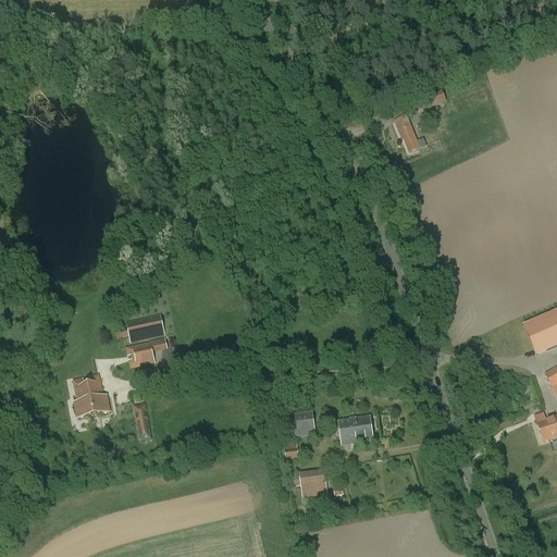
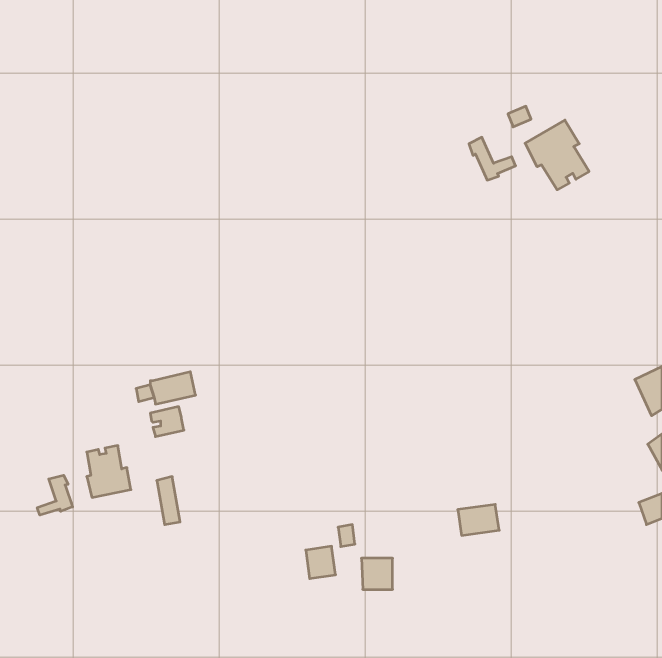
building: none -> [525,120,589,190]
building: none -> [37,475,73,515]
building: [289,409,314,436] -> [306,546,336,579]
building: [338,417,373,443] -> [458,504,499,535]

